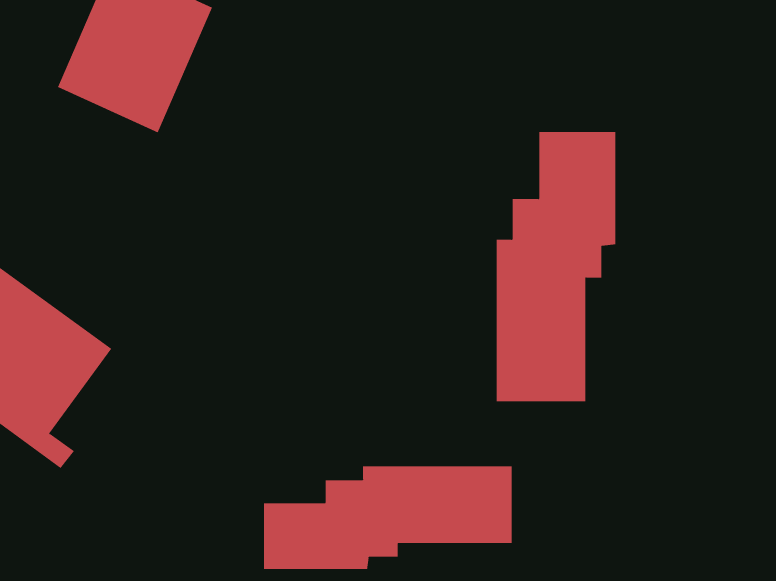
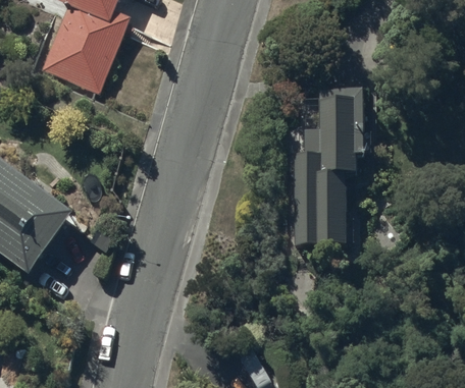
building: [263,466,512,570] -> none

